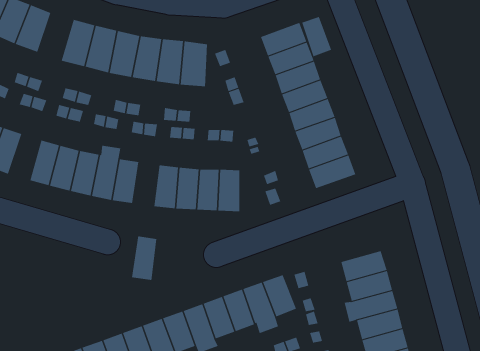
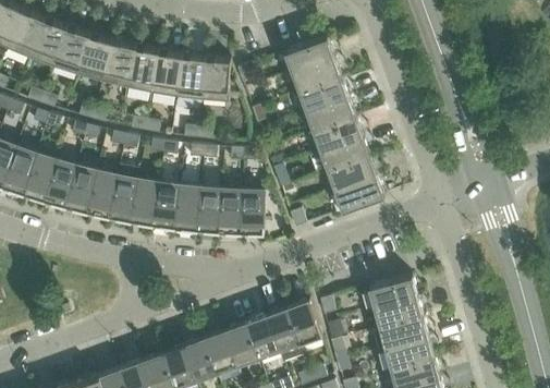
building: none -> [52,25,89,75]
building: [301,16,332,57] -> none
building: none -> [22,151,56,201]
building: [131,236,157,281] -> [151,181,179,228]

